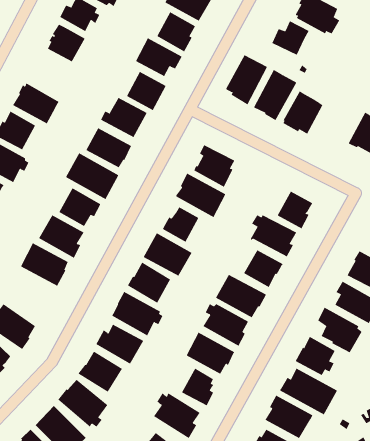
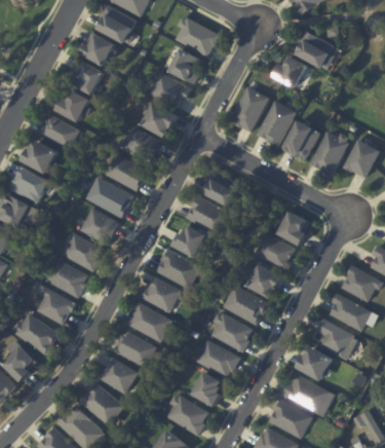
building: none -> [55,89,89,121]
building: none -> [310,130,350,176]
building: none -> [36,286,77,325]

